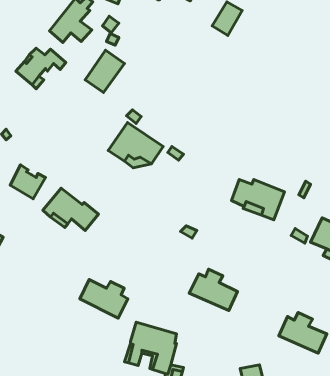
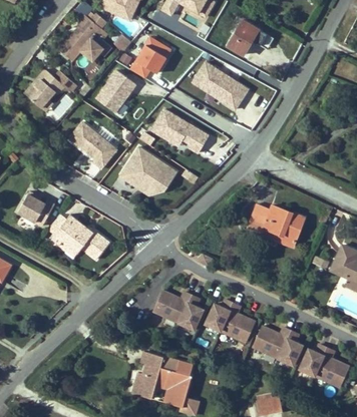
building: none -> [128,34,175,79]
building: none -> [192,64,249,112]
building: none -> [150,110,211,155]
building: none -> [70,120,117,167]
building: [80,280,128,318] -> [152,289,203,329]
building: none -> [252,325,301,364]

